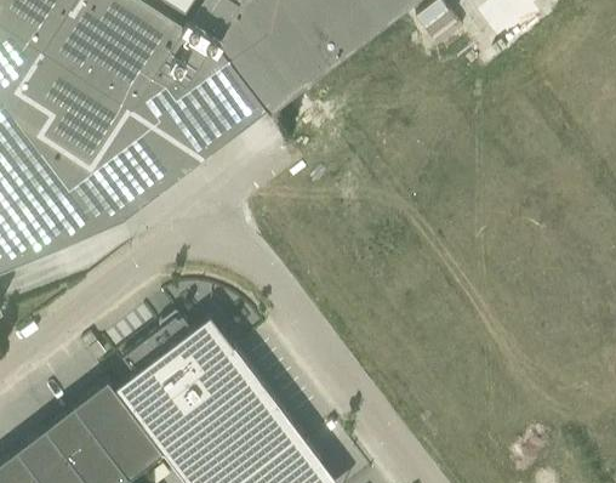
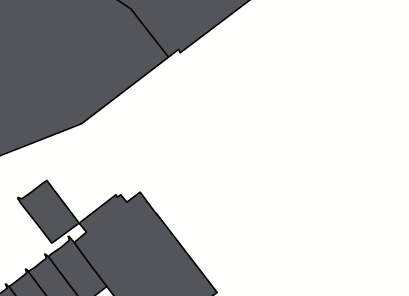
building: none -> [18,180,79,243]

